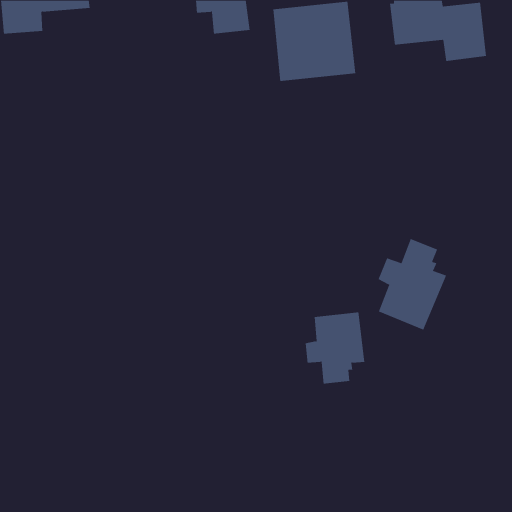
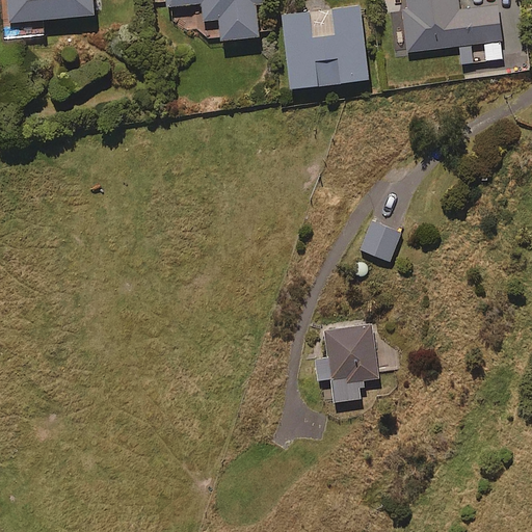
building: none -> [358,218,401,262]
building: [378,238,447,331] -> none

